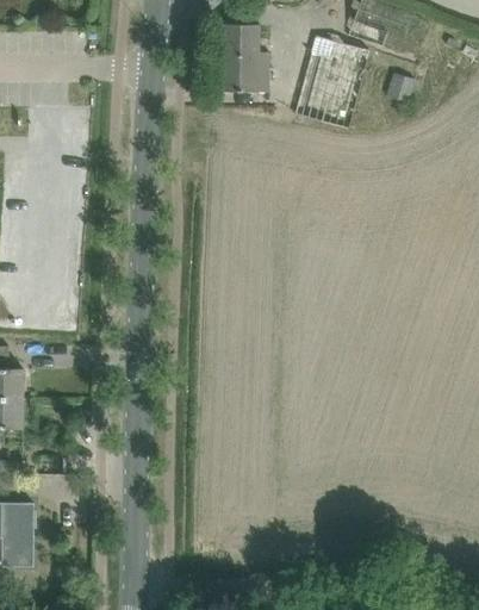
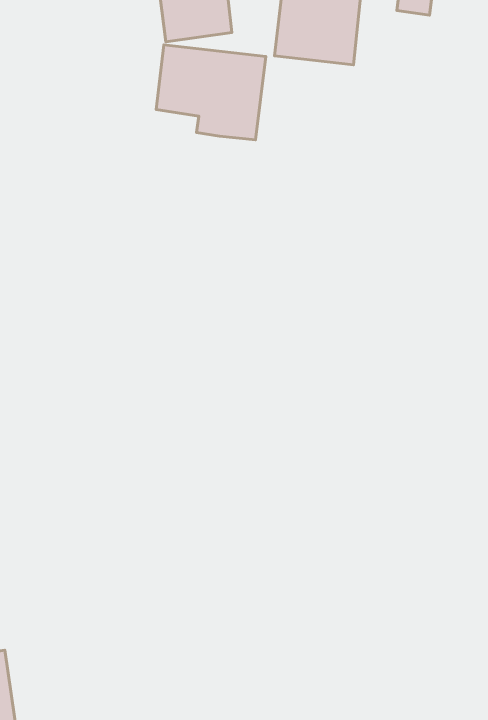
building: none -> [156,45,266,140]

